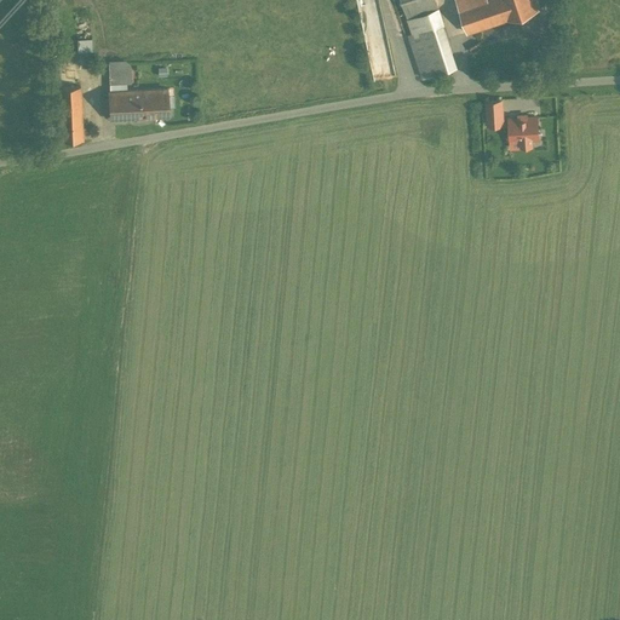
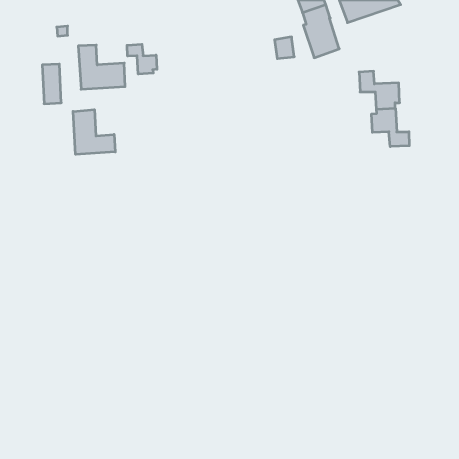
building: none -> [127,44,157,74]
building: none -> [372,108,409,147]
building: none -> [73,110,115,154]

